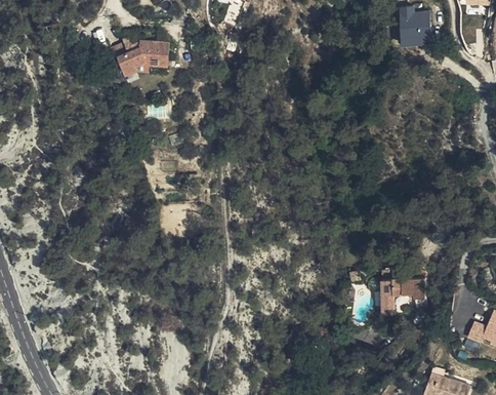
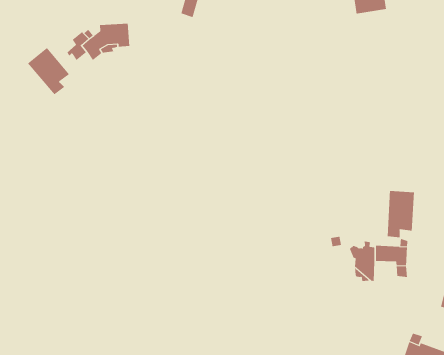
building: none -> [27,47,70,95]
building: none -> [387,190,414,238]

